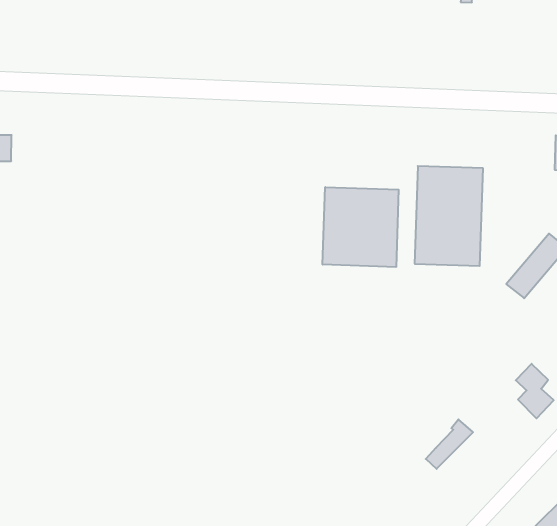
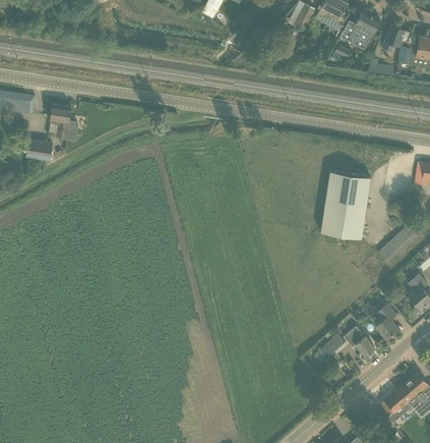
building: [323,187,399,267] -> none
building: none -> [343,326,374,355]

